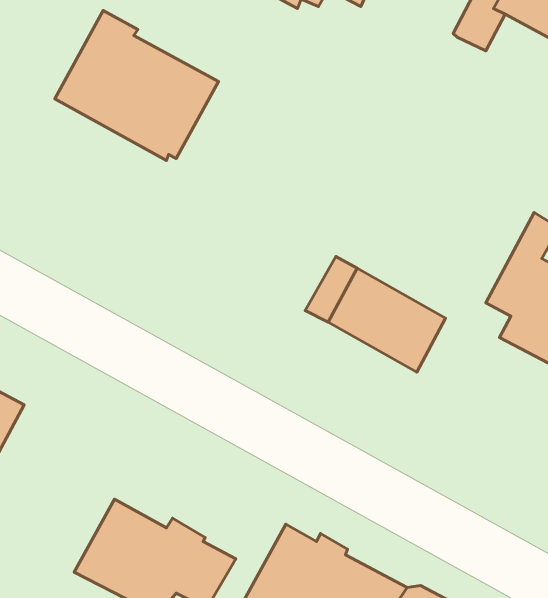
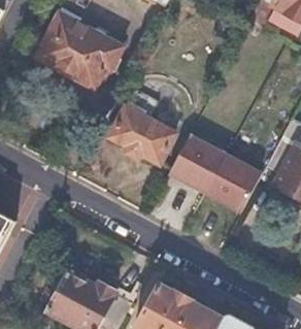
building: none -> [107,105,173,162]

